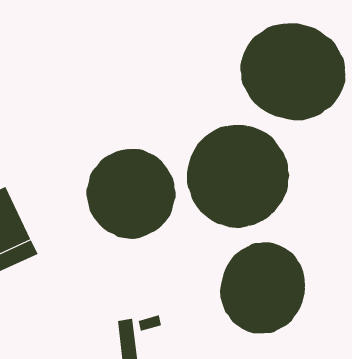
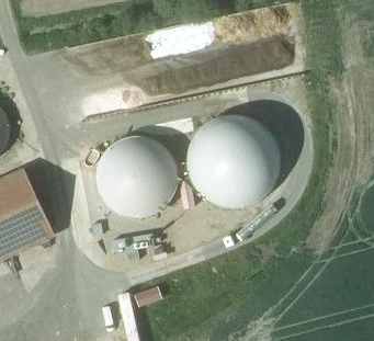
building: [240,23,346,121] -> none
building: [220,241,305,334] -> none

